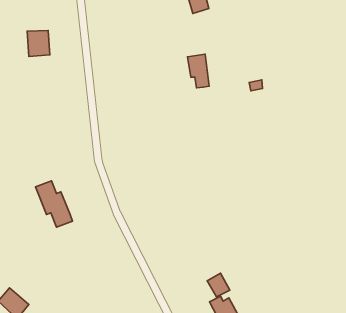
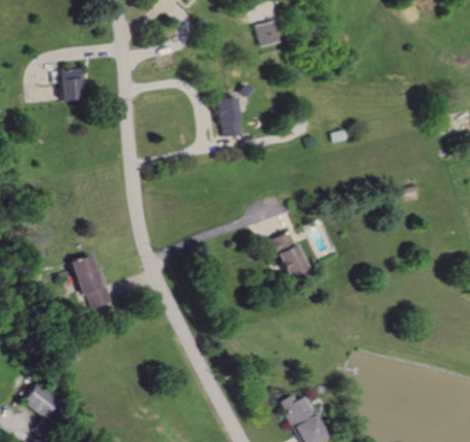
building: [187,54,209,88] -> [214,95,241,136]
building: none -> [268,229,311,277]
building: [207,273,230,297] -> none

